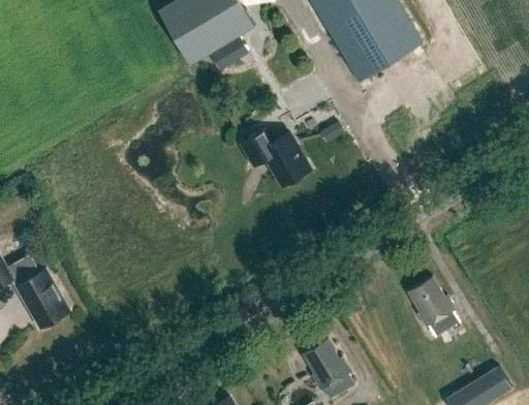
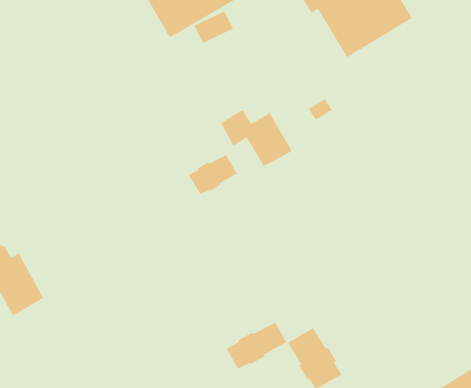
building: none -> [188,154,238,195]
building: [408,276,460,337] -> none
building: none -> [225,321,287,370]

